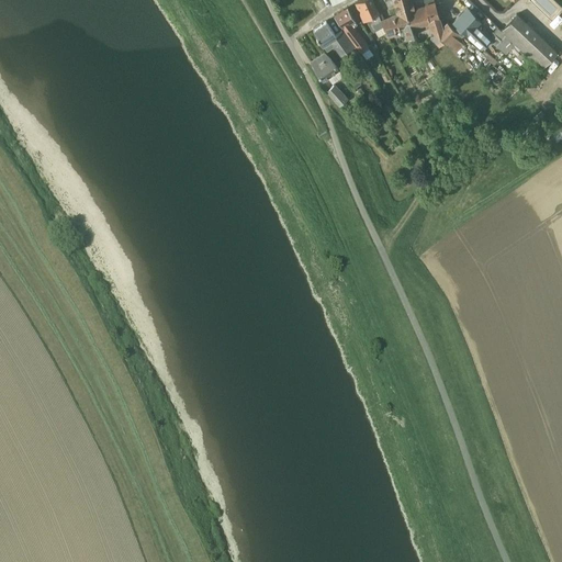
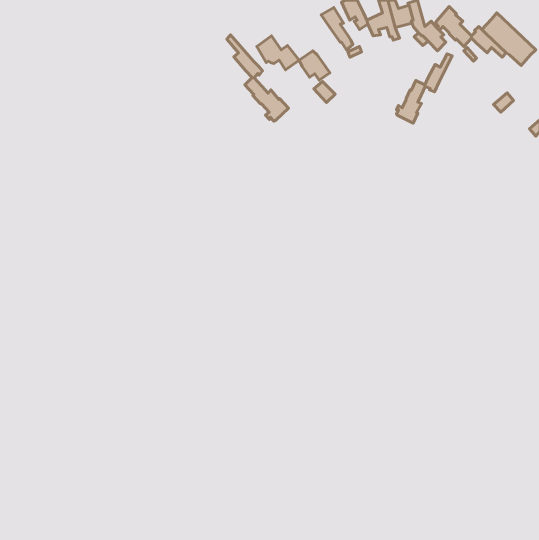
building: [312,21,356,56] -> [257,36,299,70]
building: none -> [227,35,289,121]
building: none -> [396,54,452,123]

